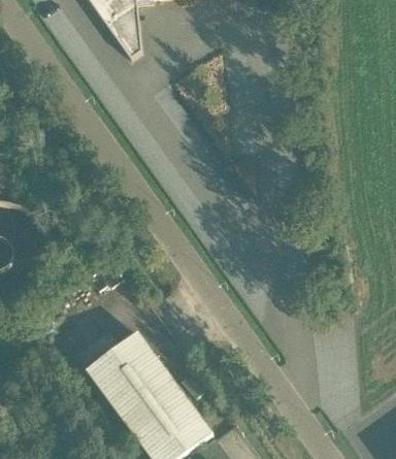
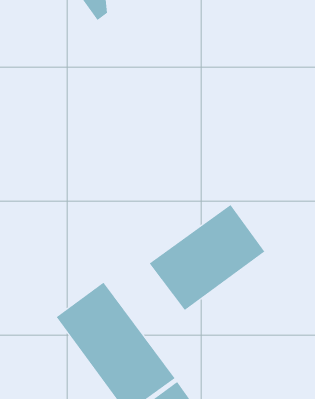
building: none -> [149,204,265,311]

